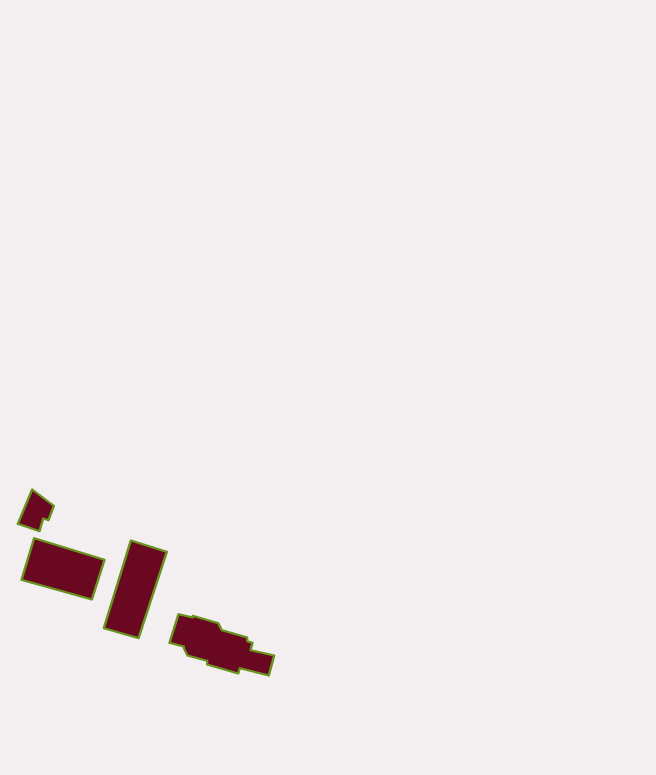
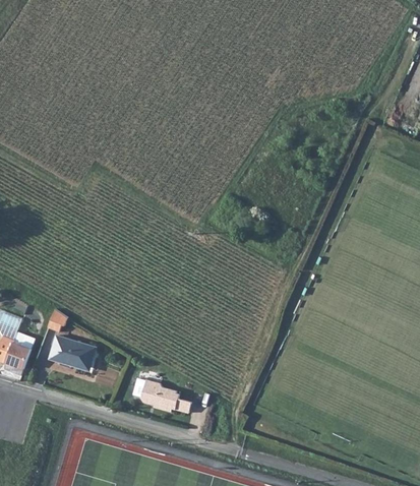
building: [104,540,167,638] -> none

